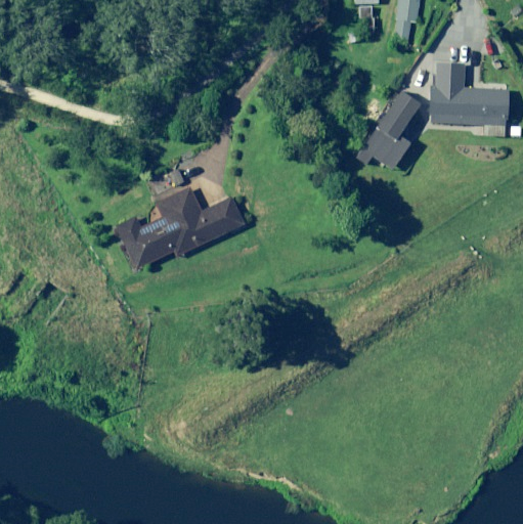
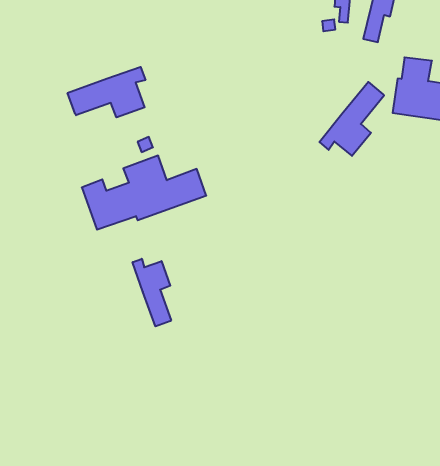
building: none -> [68,67,145,117]
building: none -> [133,259,171,326]

